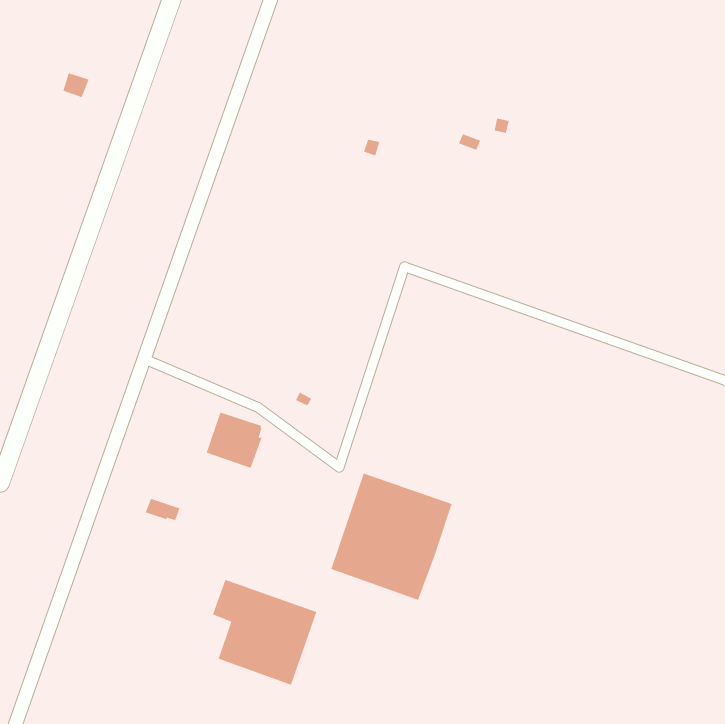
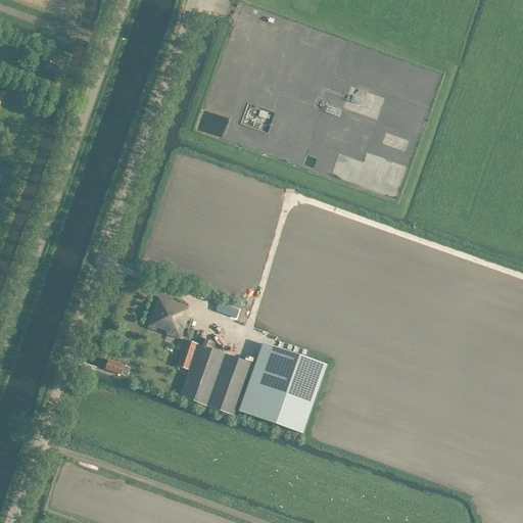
building: [212,579,317,686] -> [176,338,251,415]

